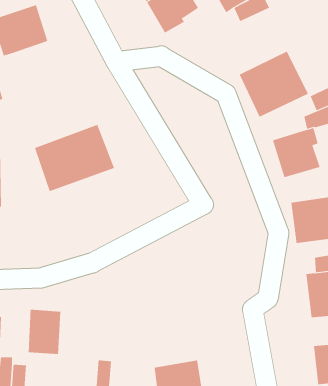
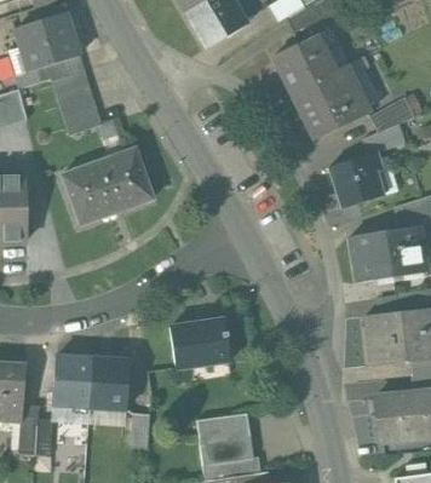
building: none -> [274,35,329,91]
building: none -> [35,53,99,131]
building: none -> [169,317,229,368]
building: none -> [90,357,128,408]

